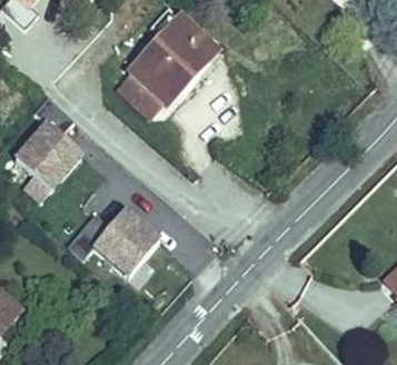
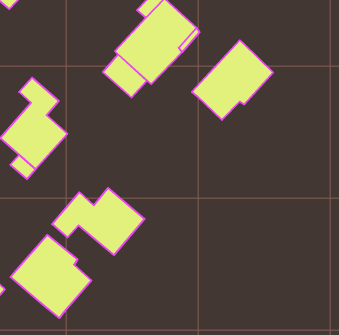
building: none -> [192,40,273,120]
building: none -> [11,235,91,318]

